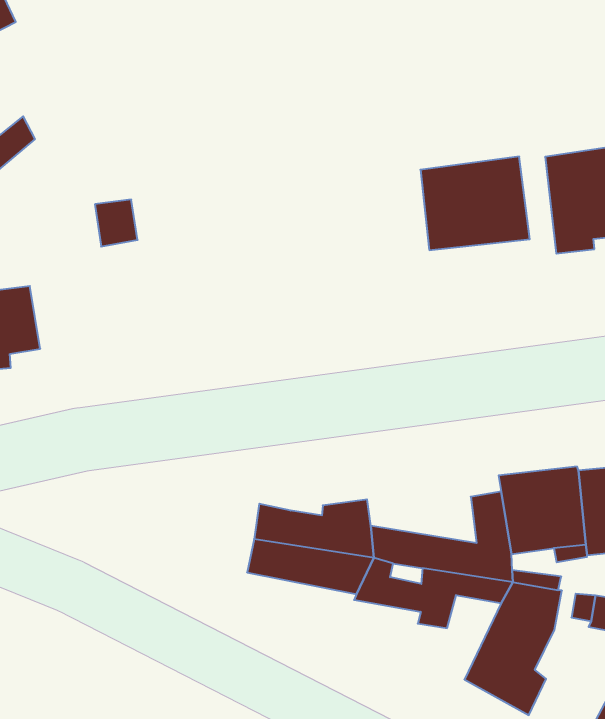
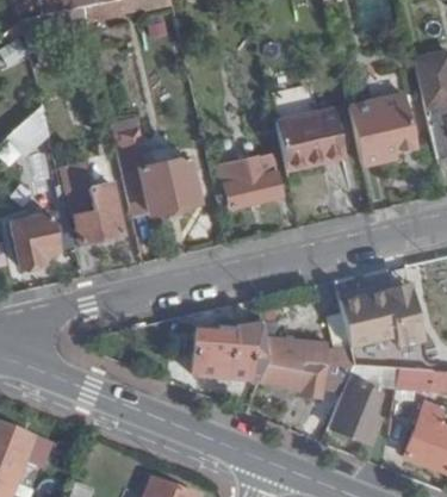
building: none -> [117,135,201,216]
building: none -> [223,155,283,209]
building: none -> [70,182,124,241]

